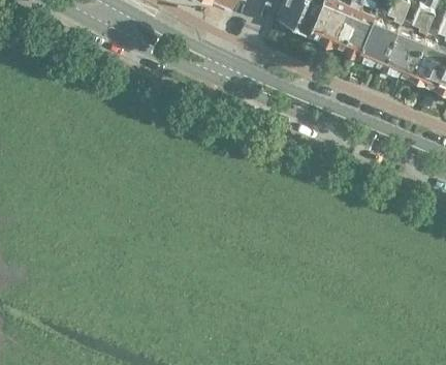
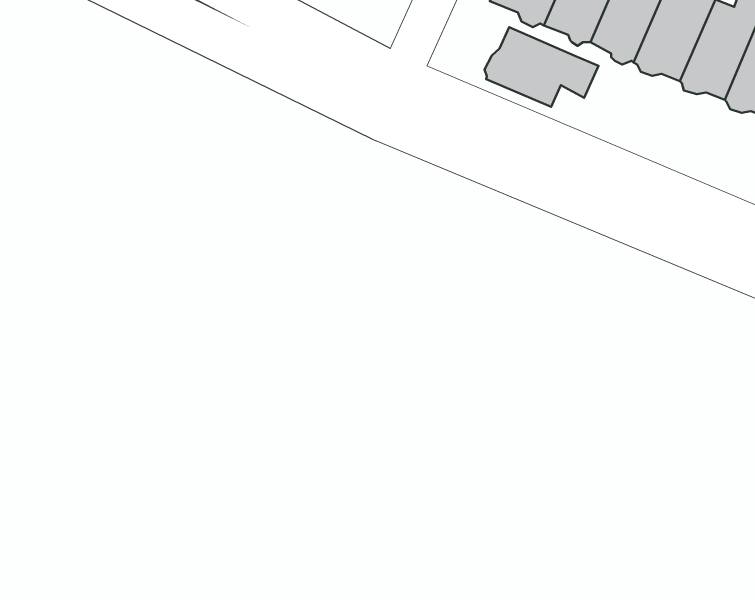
building: none -> [484,27,599,107]

